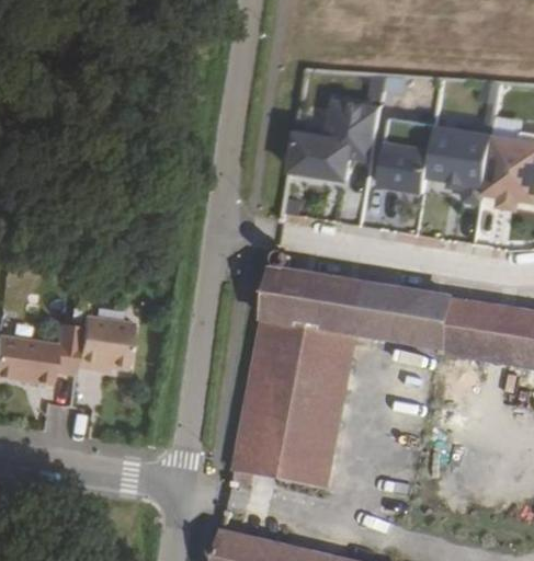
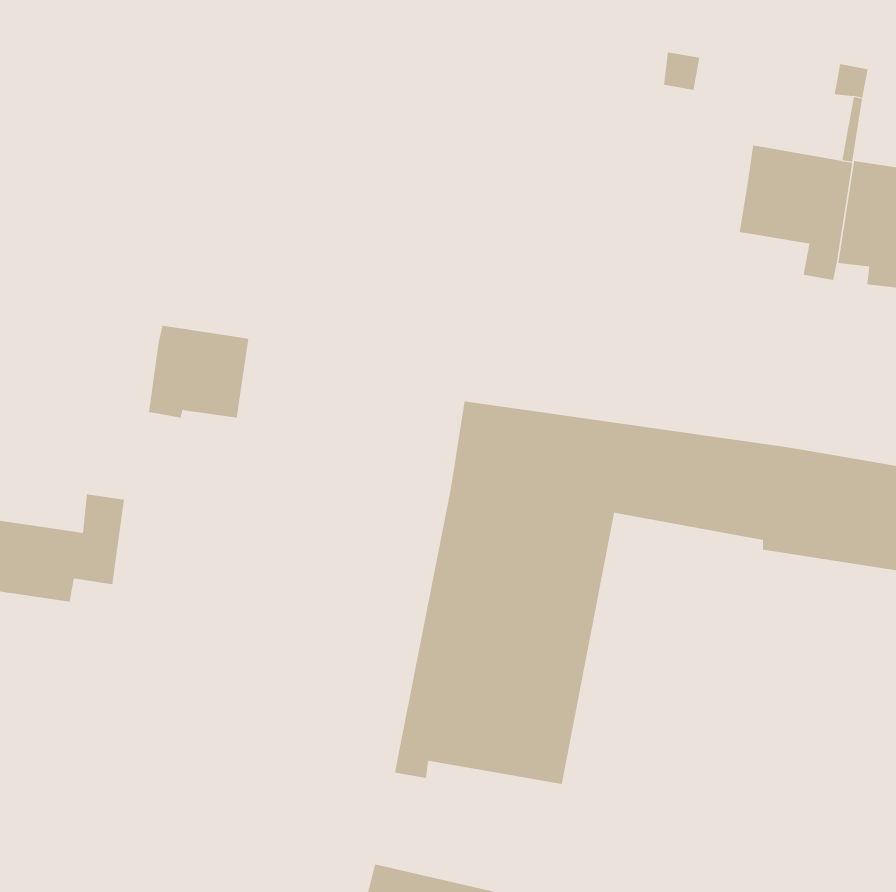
building: [287,98,378,178] -> none
building: [376,140,430,191] -> none
building: [72,316,129,368] -> [148,325,249,418]

